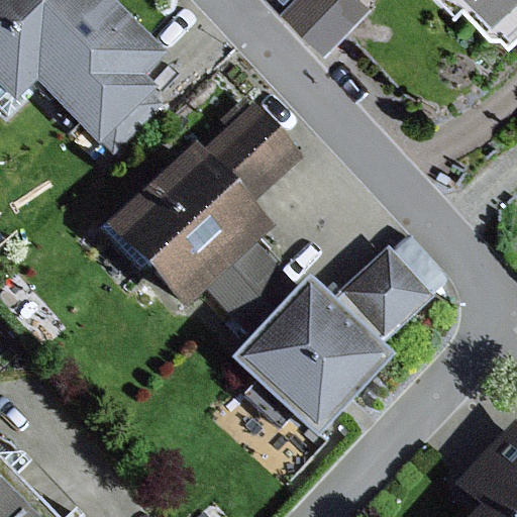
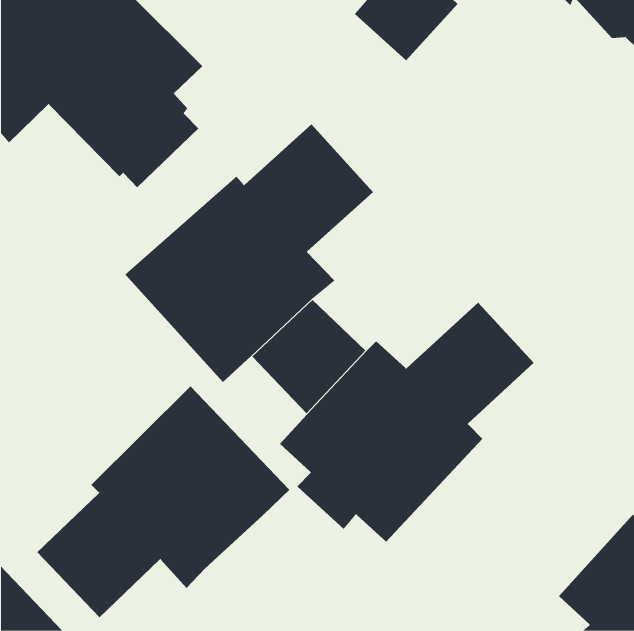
building: none -> [37,385,290,618]

